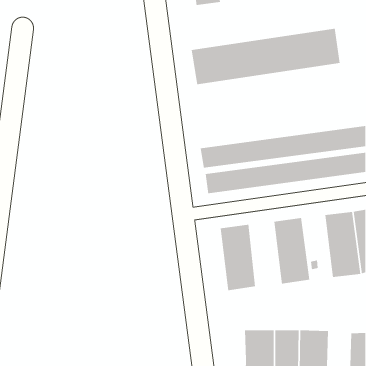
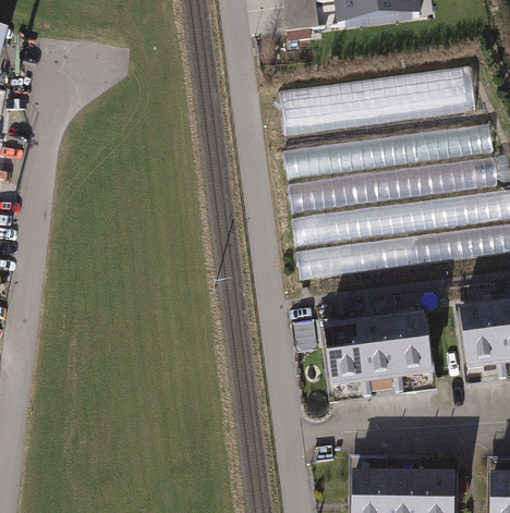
building: none -> [284,124,493,176]
building: none -> [289,158,497,211]
building: none -> [356,315,398,400]

